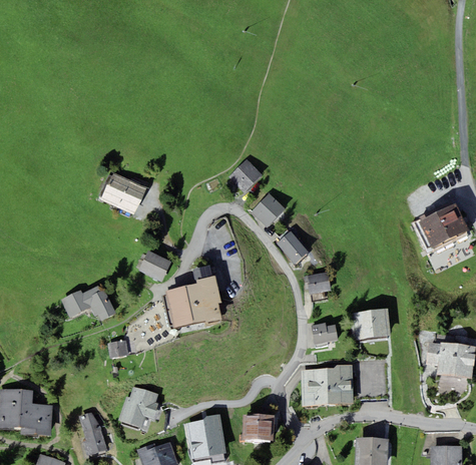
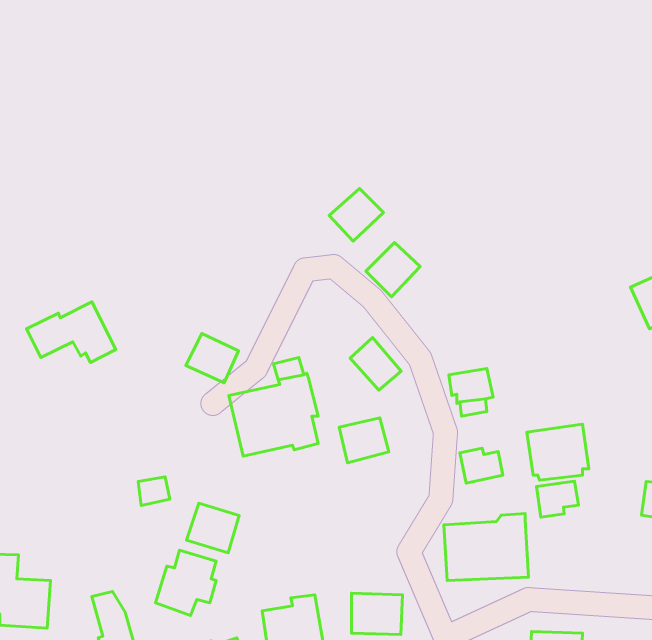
building: [99,172,145,214] -> none
building: [276,230,308,264] -> [350,338,401,390]
building: [60,283,116,321] -> [27,302,116,362]
building: none -> [339,418,389,463]
building: none -> [537,481,578,517]
building: none -> [187,503,239,553]

